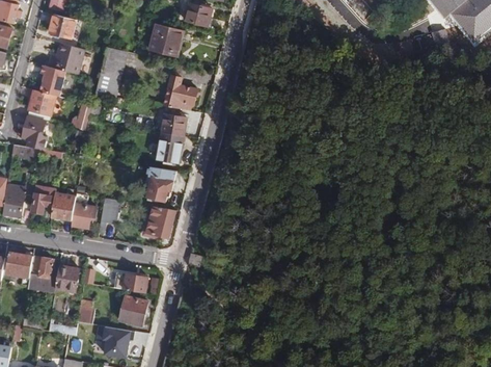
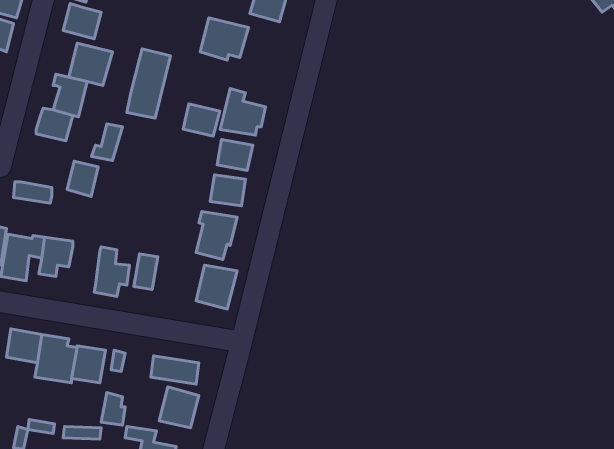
building: none -> [183,104,220,136]
building: [22,116,45,142] -> [67,161,98,197]
building: [51,192,75,220] -> none

